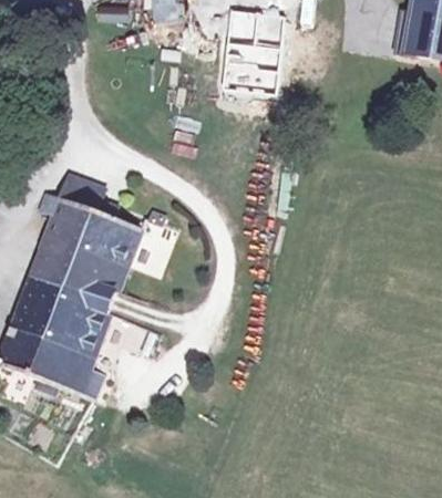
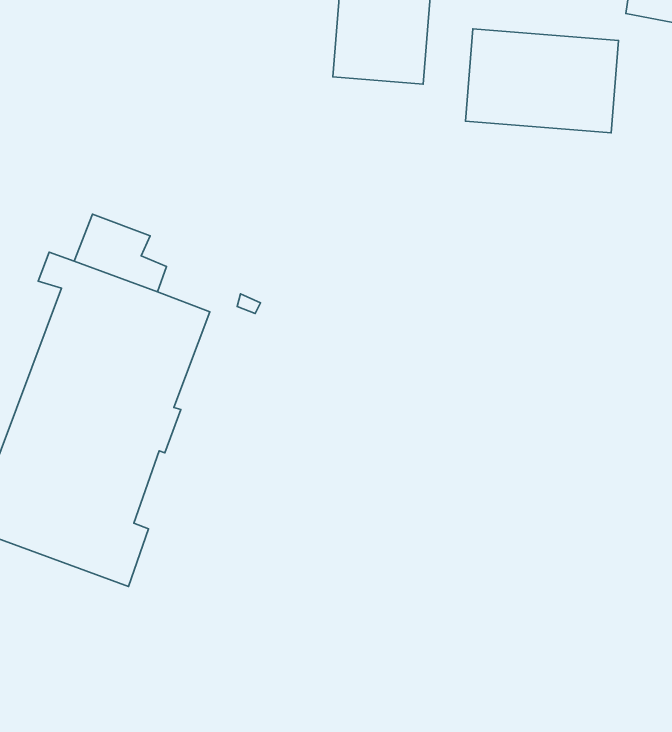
building: none -> [466,29,619,133]

